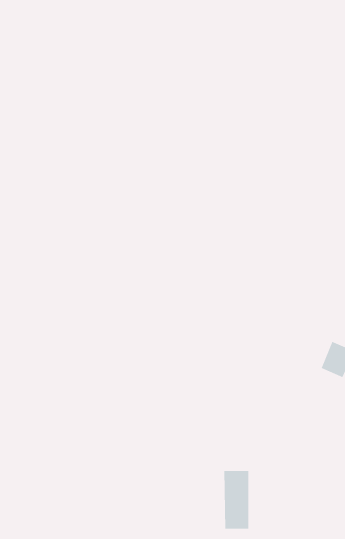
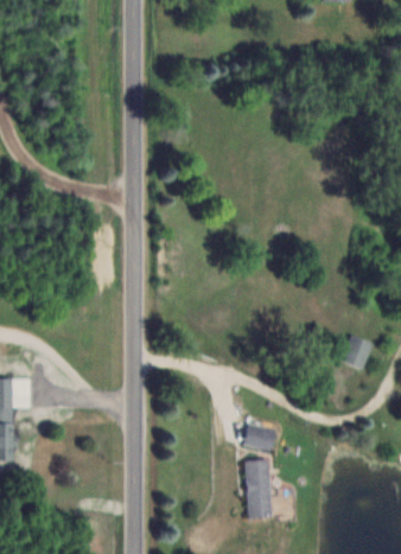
building: none -> [242,422,276,452]

